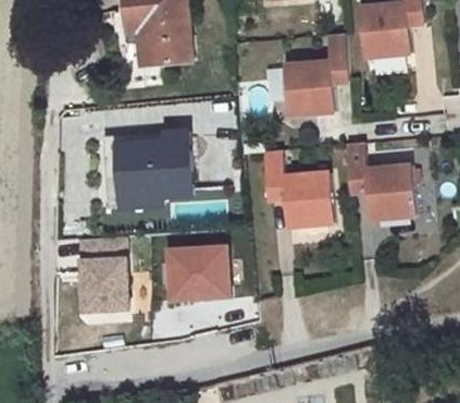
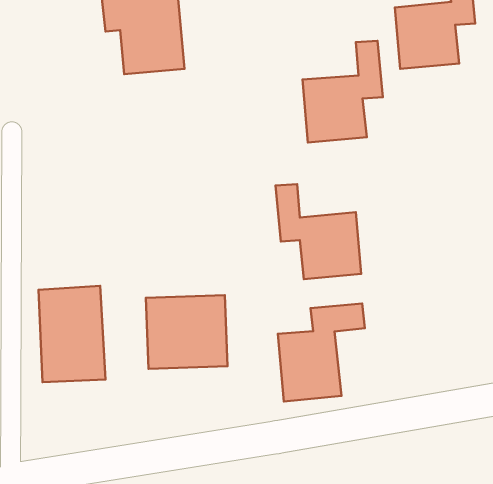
building: [119,129,191,205] -> none
building: [346,144,417,220] -> none
building: none -> [278,304,365,402]

